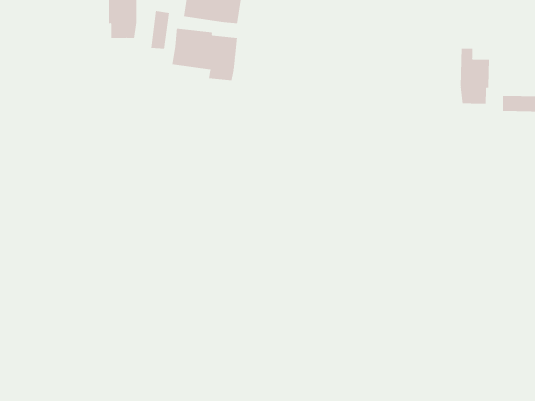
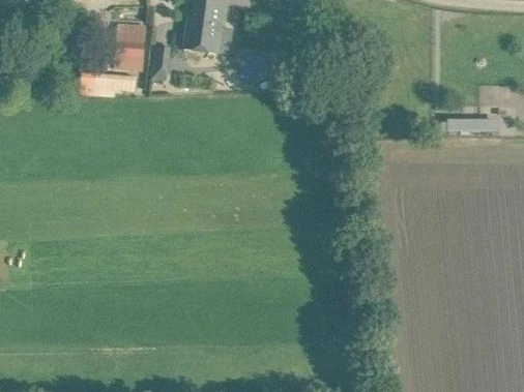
building: [172,28,238,81] -> none
building: [460,48,490,104] -> none

